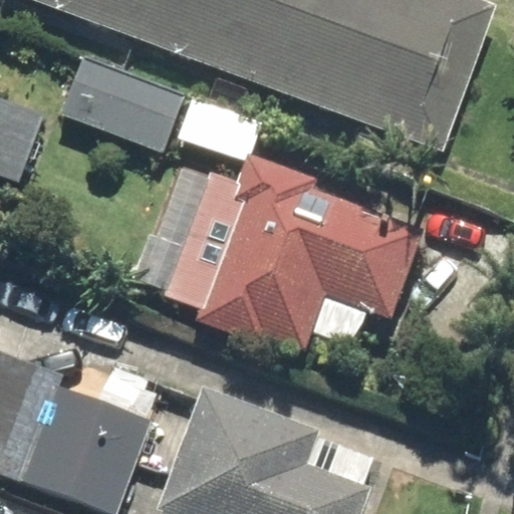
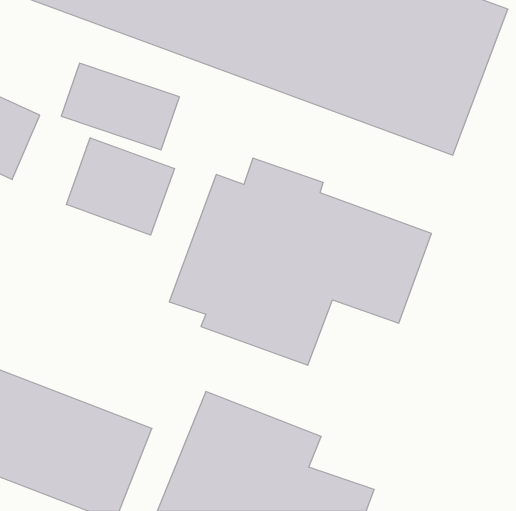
building: none -> [66,138,174,235]

